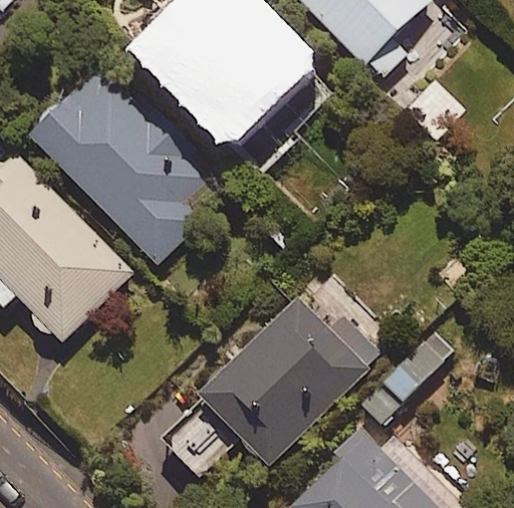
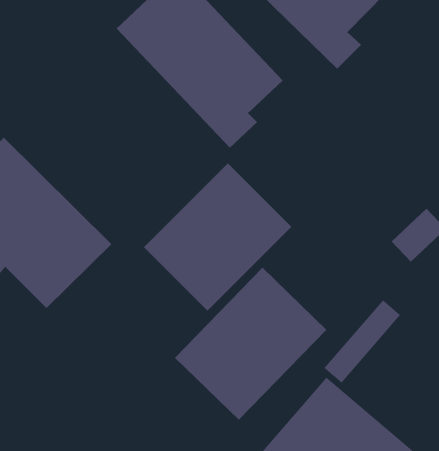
building: [30,68,208,264] -> none
building: none -> [143,163,292,312]

